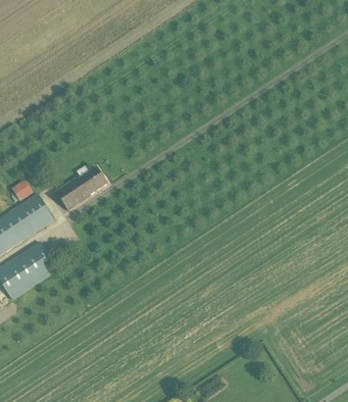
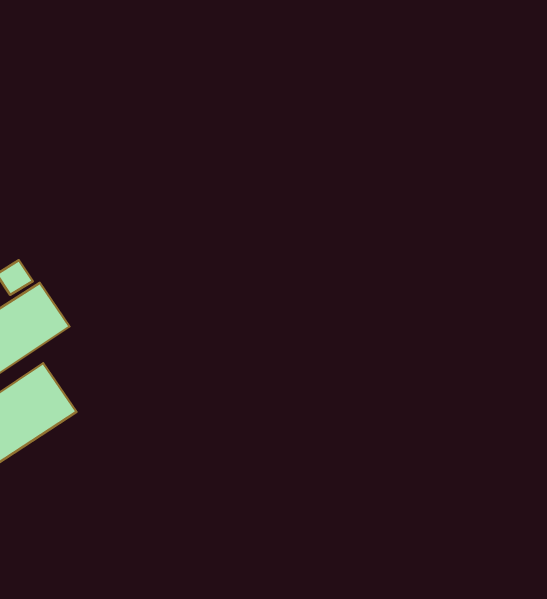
building: [54,165,107,210] -> none

